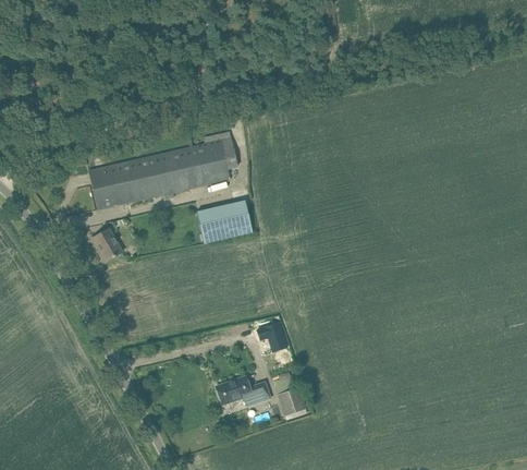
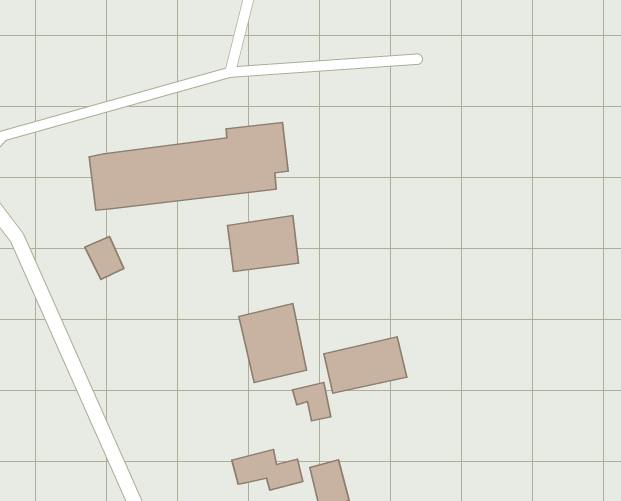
building: none -> [239,303,307,382]
building: none -> [324,337,407,393]

